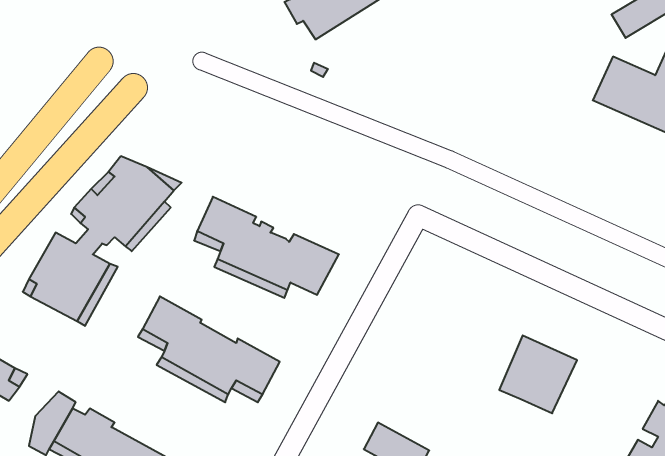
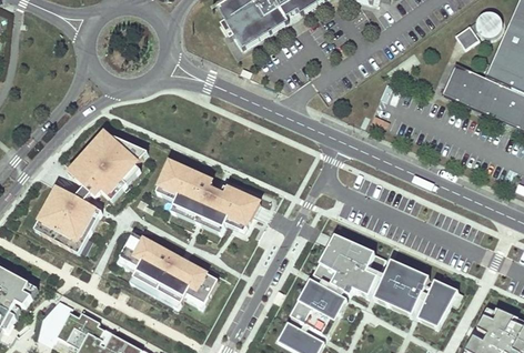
building: none -> [313,235,386,296]
building: none -> [290,280,347,336]
building: none -> [417,280,458,327]

